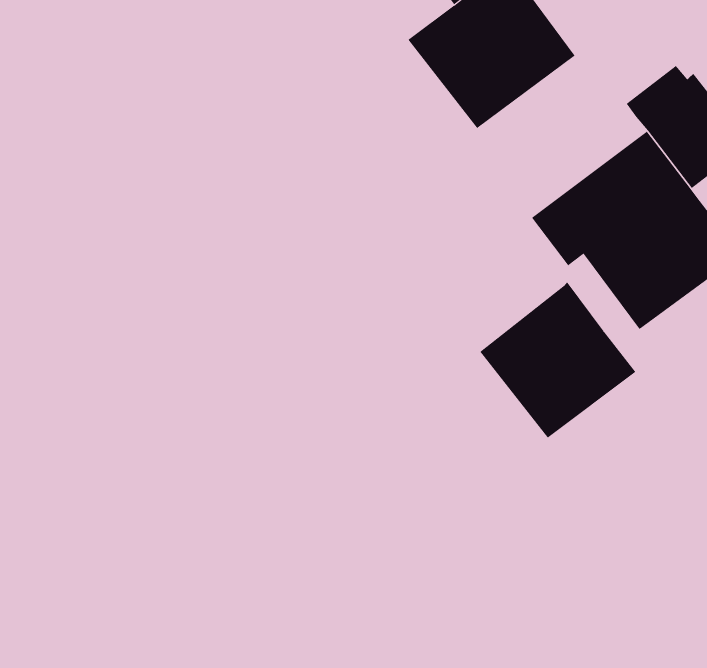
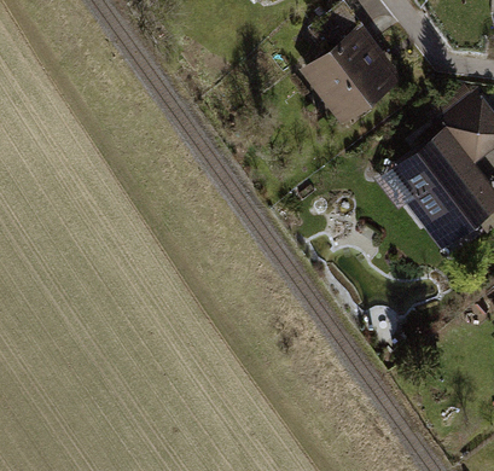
building: [480,282,636,438] -> none

